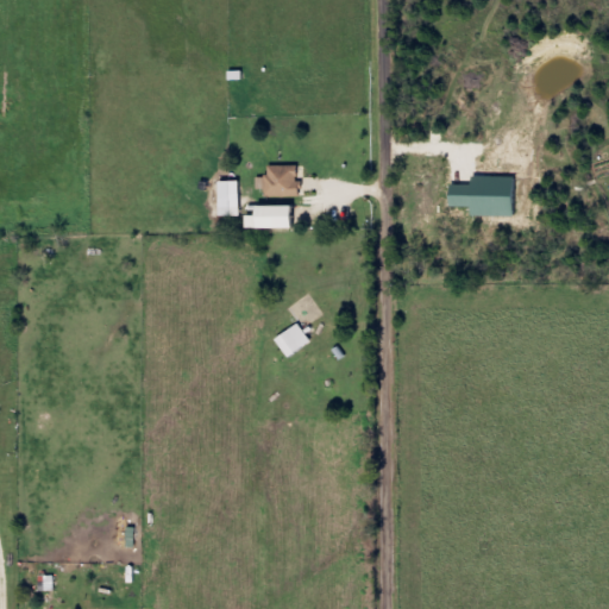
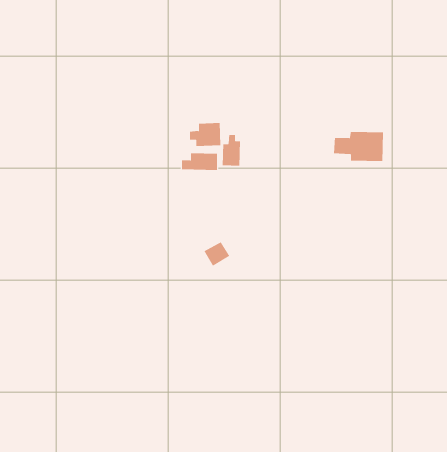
building: none -> [222,134,240,166]
building: [215,181,237,215] -> none

